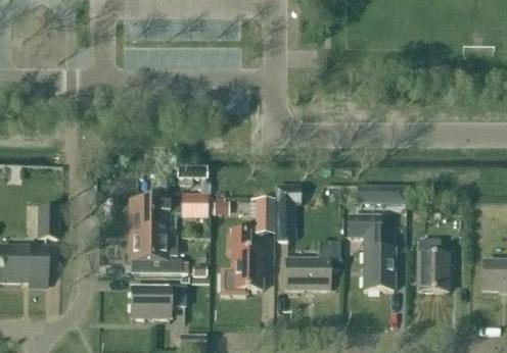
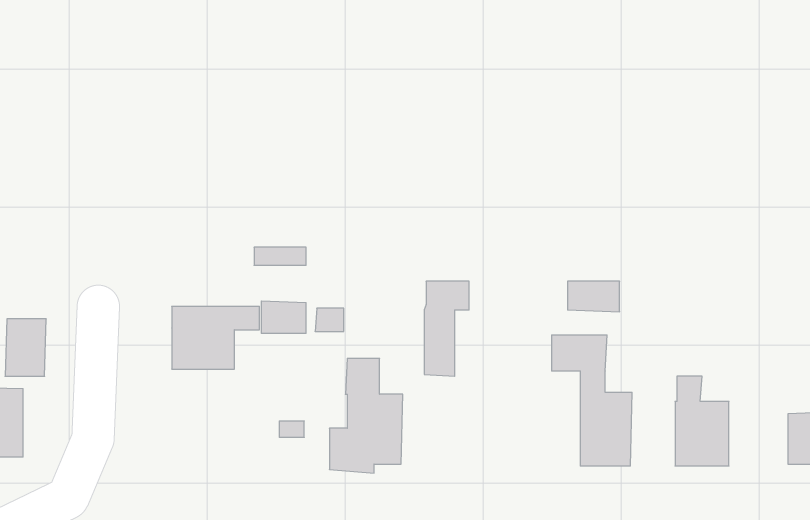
building: [258,199,276,232] -> none
building: [132,235,182,272] -> none
building: [286,242,340,290] -> none
building: [132,286,186,317] -> none

